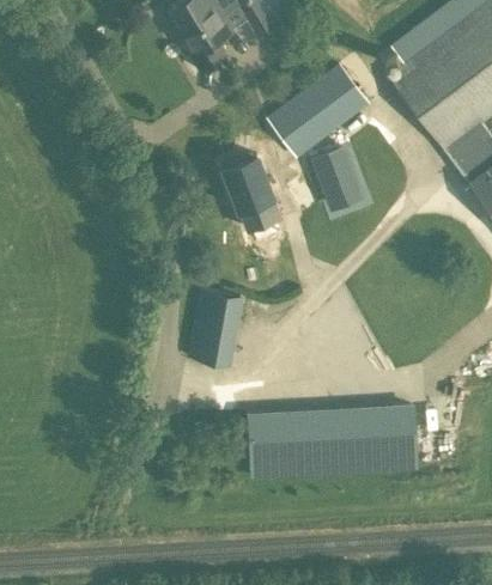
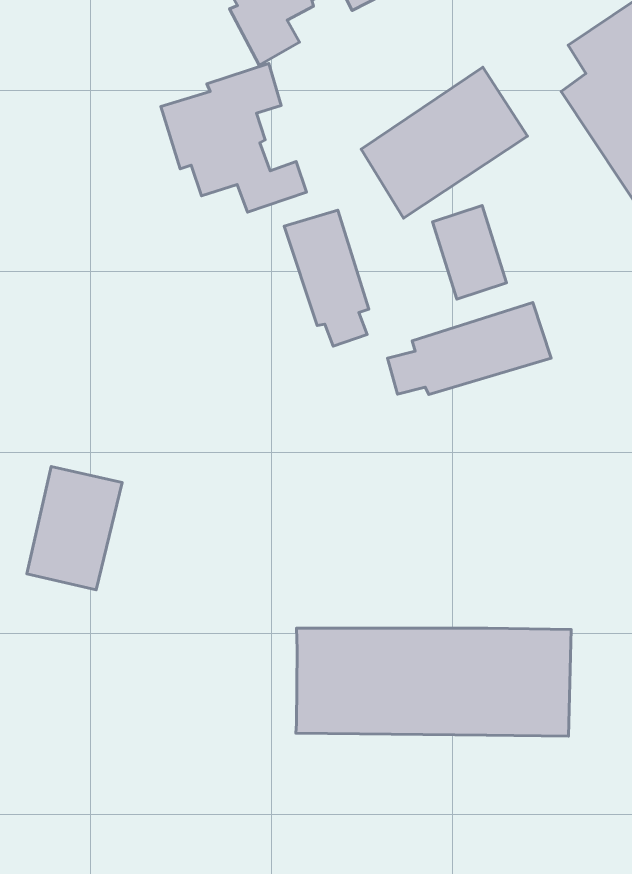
building: none -> [161,63,306,212]
building: none -> [387,303,551,395]
building: [189,290,244,364] -> [27,466,122,590]

